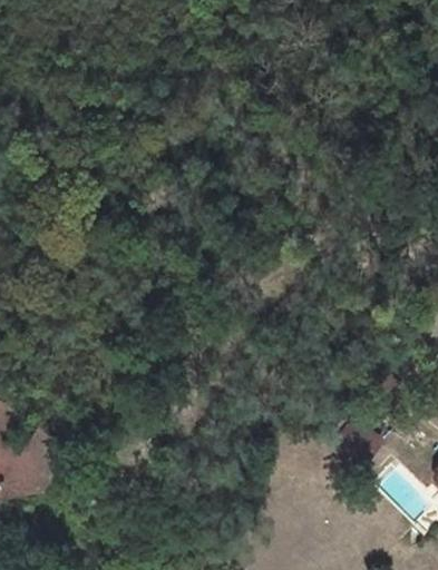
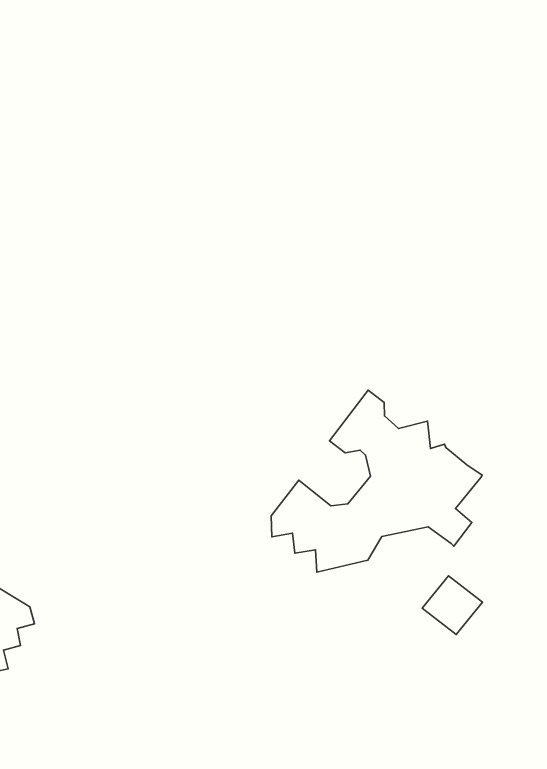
building: none -> [271,390,482,572]

